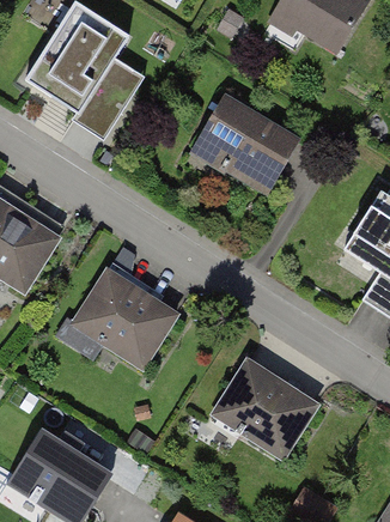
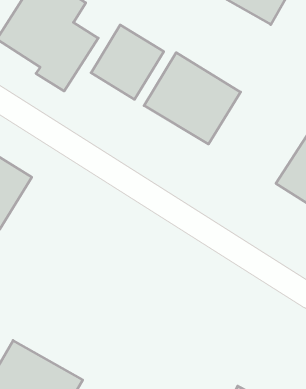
building: none -> [91,25,164,99]
building: [71,267,181,370] -> none
building: [209,357,322,462] -> none

